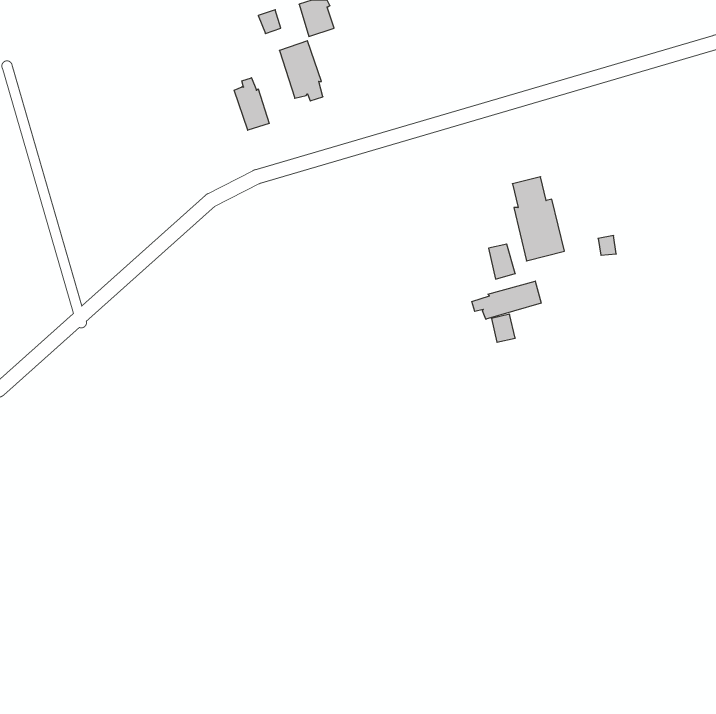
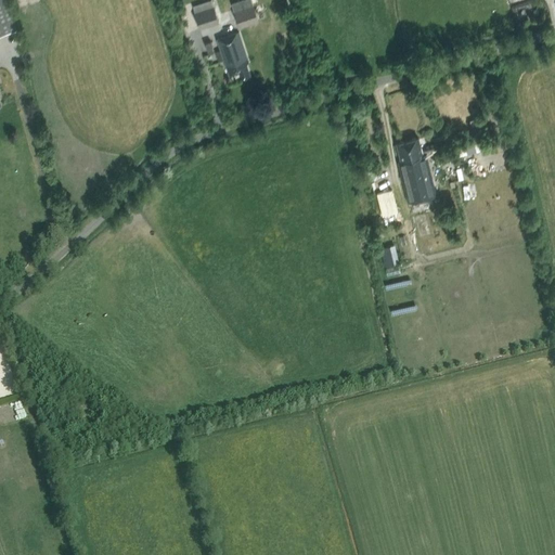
building: [234,78,269,130] -> none
building: [472,281,541,319] -> none

